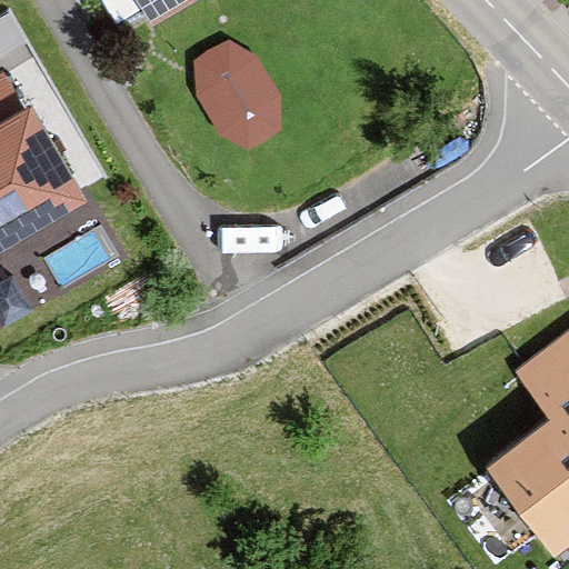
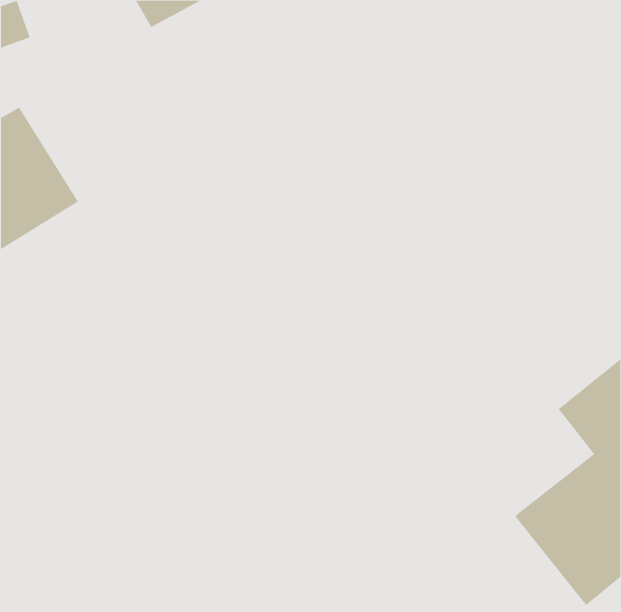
building: [187,29,293,146] -> none

